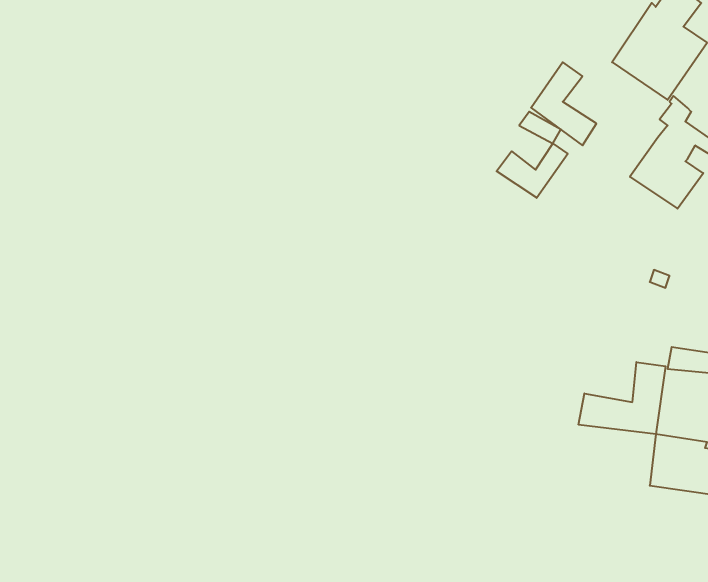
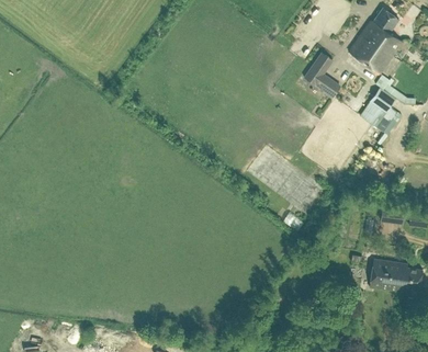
building: [497,143,568,198] -> none
building: [579,362,666,434] -> none

